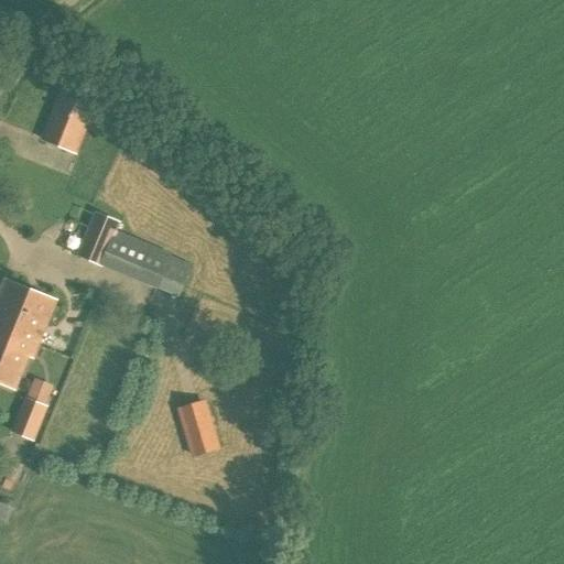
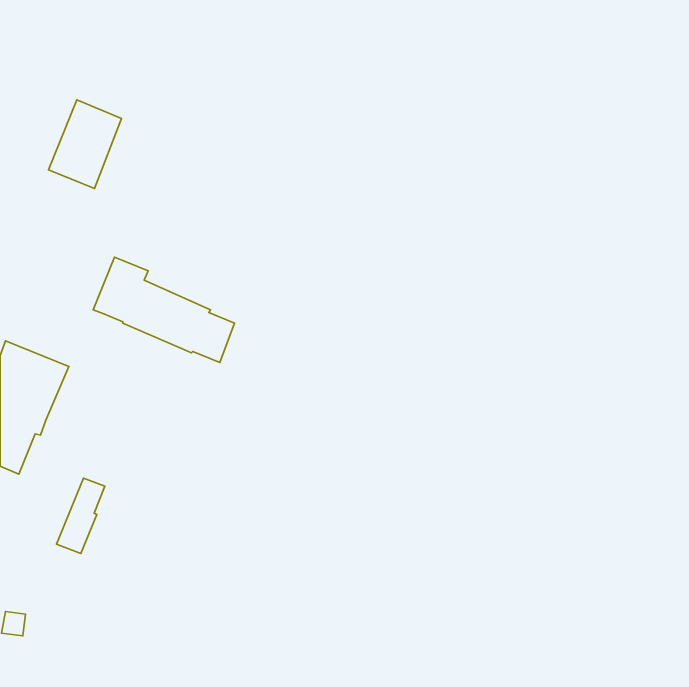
building: [13,377,53,438] -> [56,478,105,554]
building: [176,398,220,456] -> none

